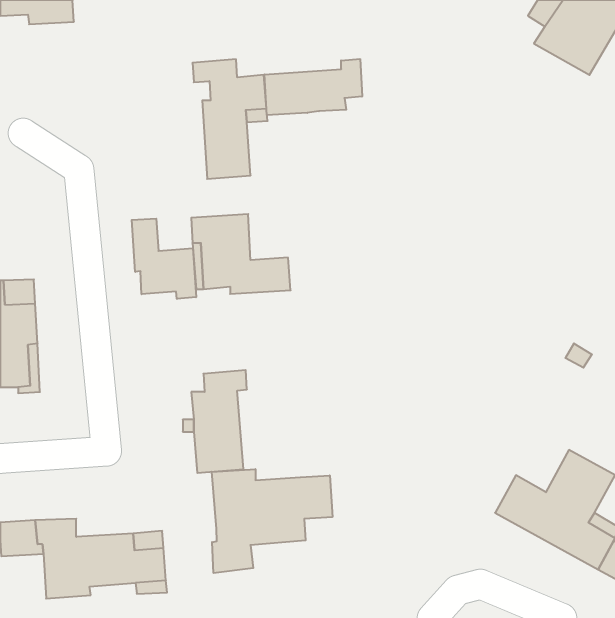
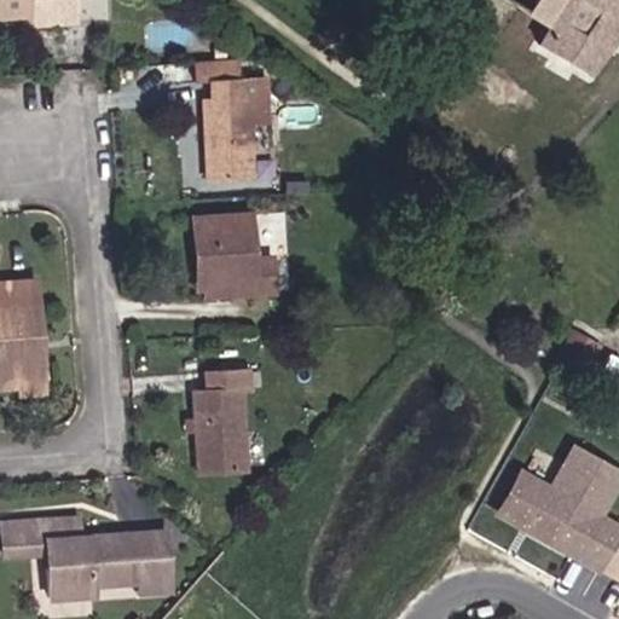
building: [264,59,362,115] -> none
building: [132,219,196,299] -> none
building: [212,469,332,573] -> none

